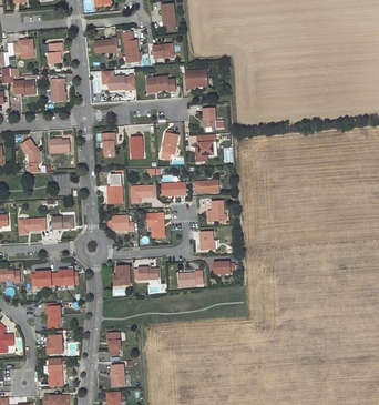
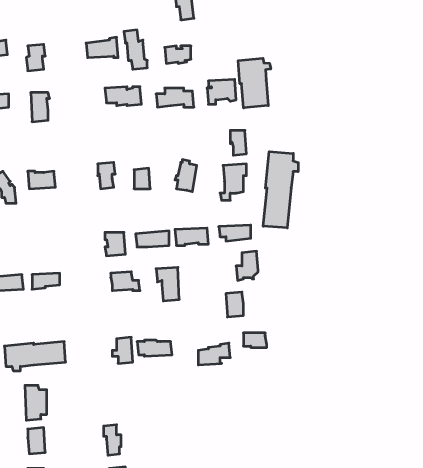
building: none -> [238,58,271,108]
building: none -> [263,152,298,228]

